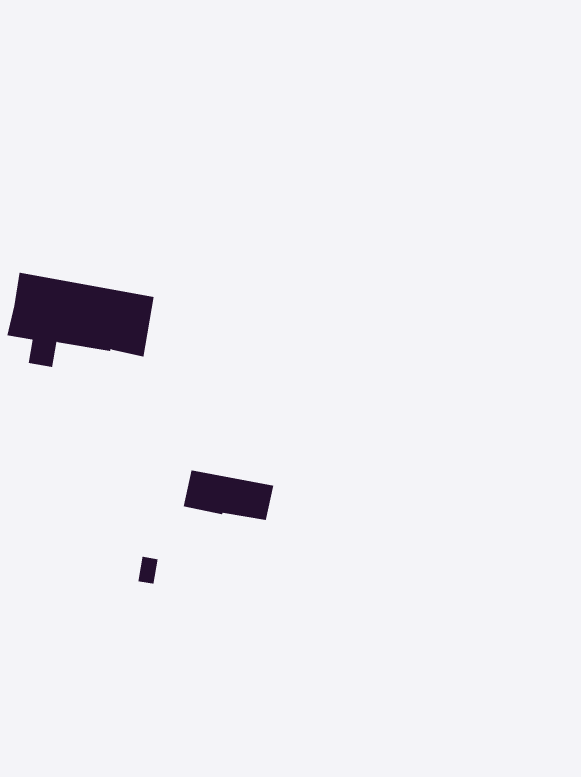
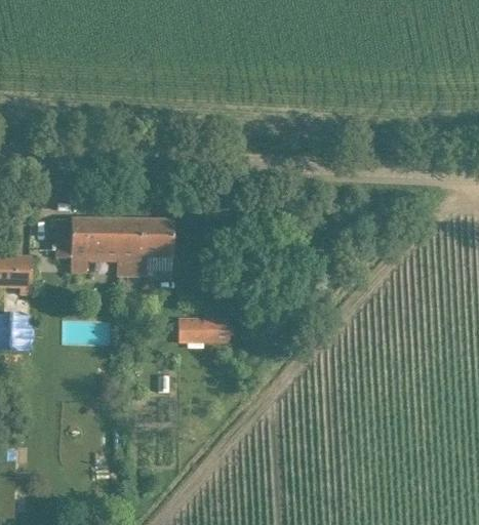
building: none -> [120,219,175,276]

